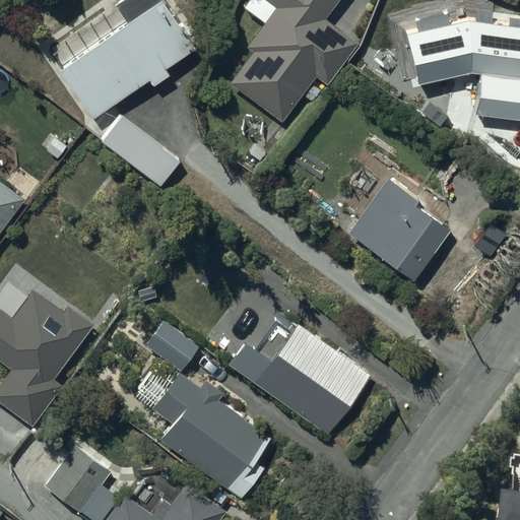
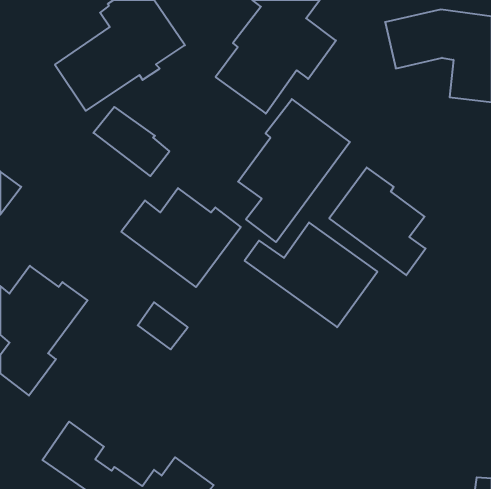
building: none -> [238,99,350,242]
building: none -> [121,188,241,287]
building: [229,324,369,435] -> [245,222,377,327]
building: [151,373,272,501] -> none

